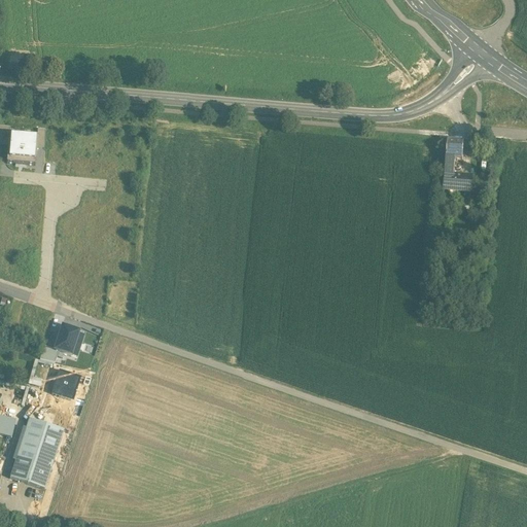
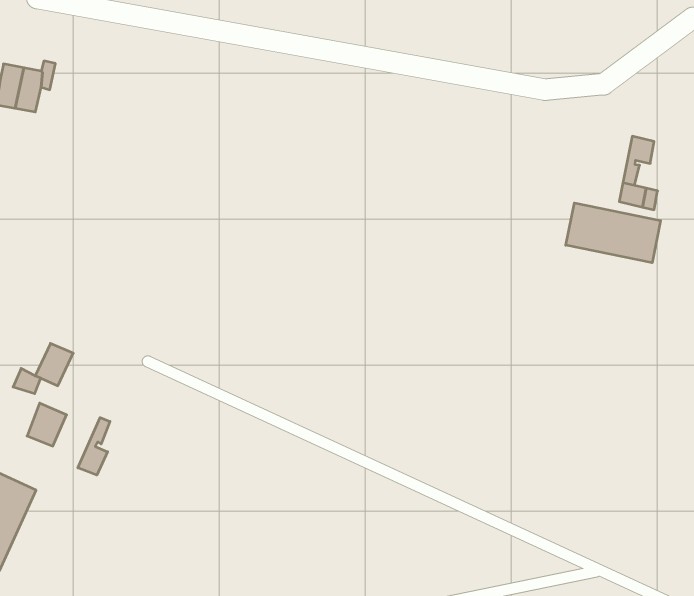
building: none -> [566,203,661,263]
building: none -> [78,418,110,475]

